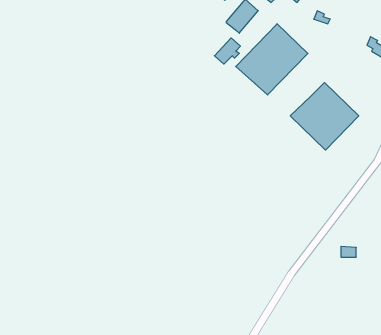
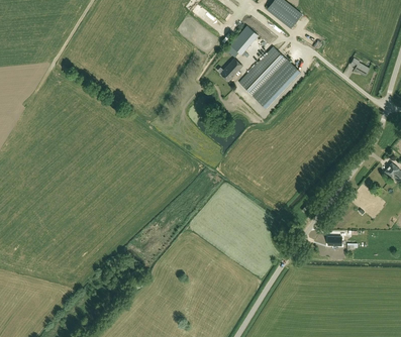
building: [290,83,359,150] -> none

